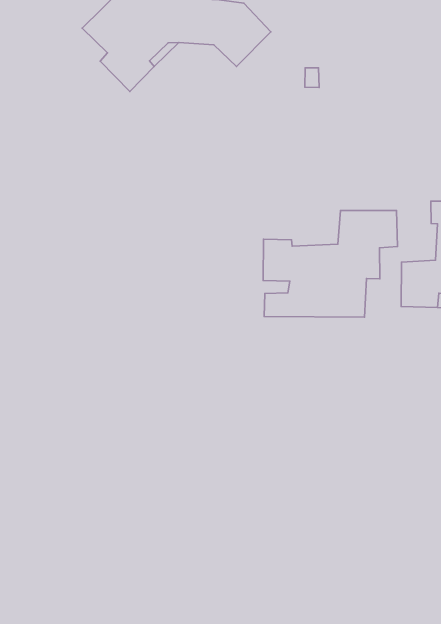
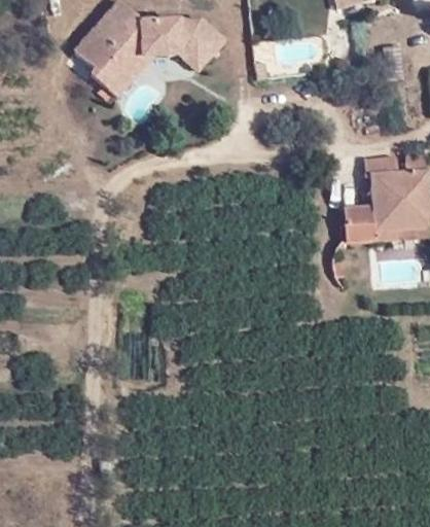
building: [263,210,397,317] -> none

